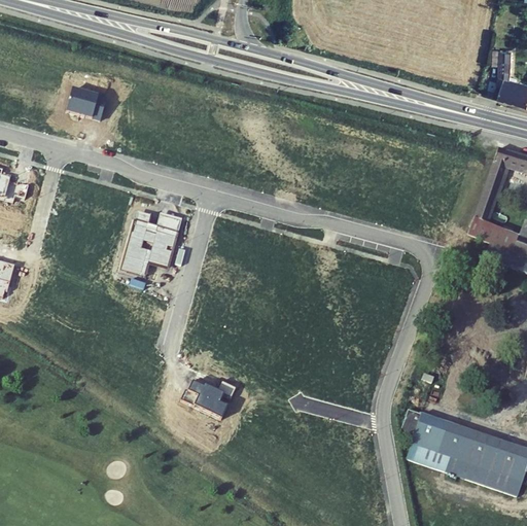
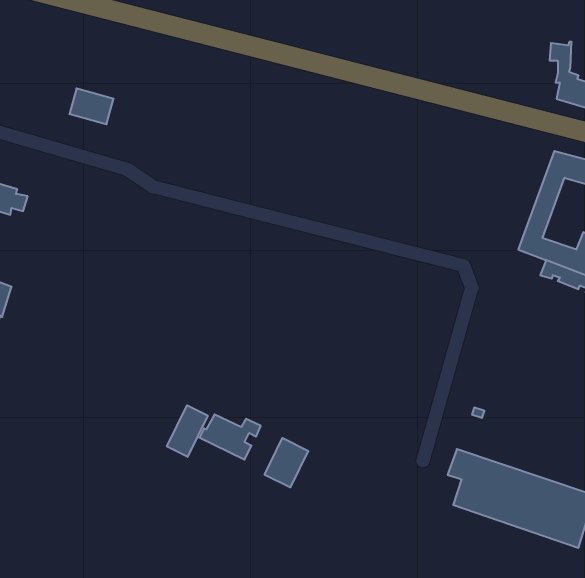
building: [121,211,182,276] -> none
building: none -> [167,405,208,457]
building: none -> [265,438,308,487]

